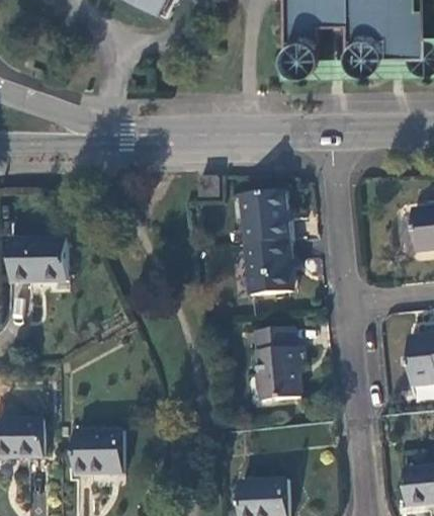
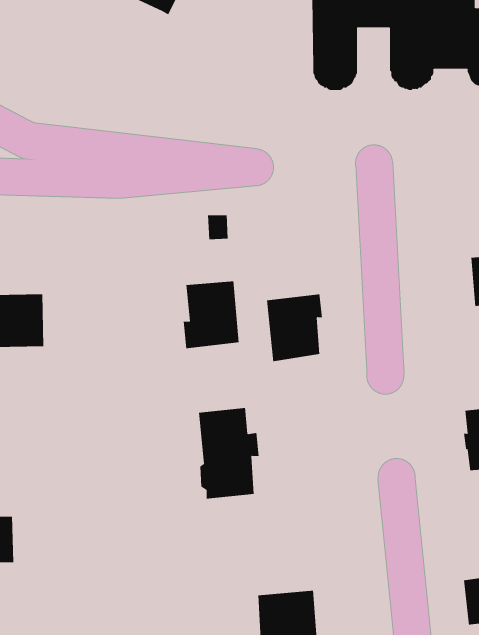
building: [245,189,290,244] -> [183,281,239,349]
building: [255,324,305,398] -> [198,407,260,499]
building: [74,431,121,474] -> none

